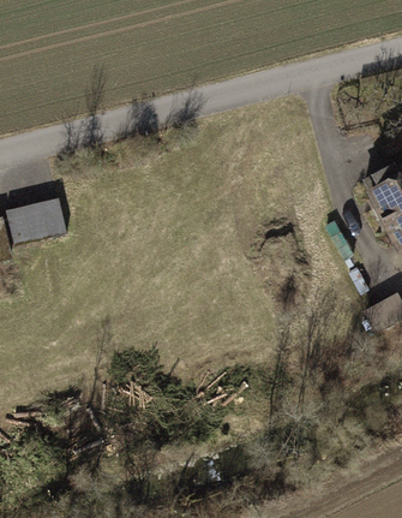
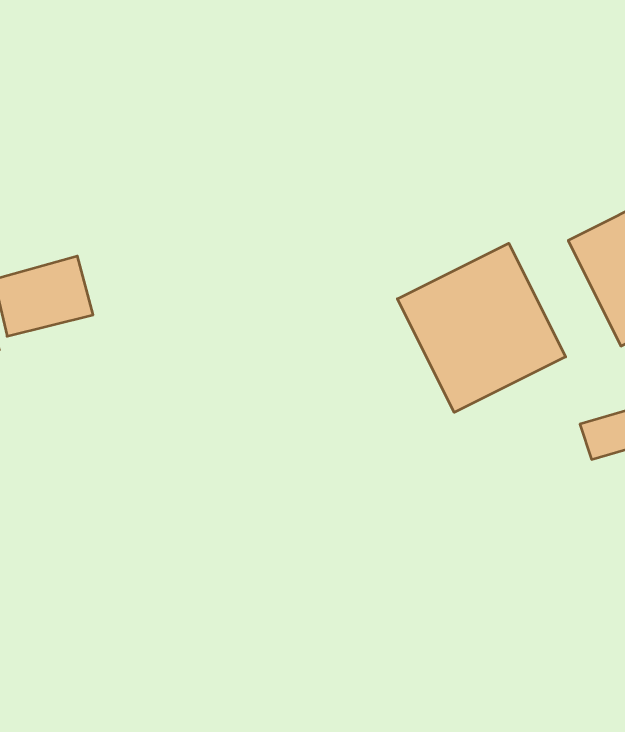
building: none -> [397,243,566,412]

